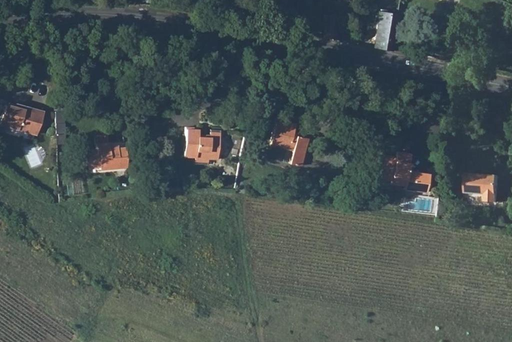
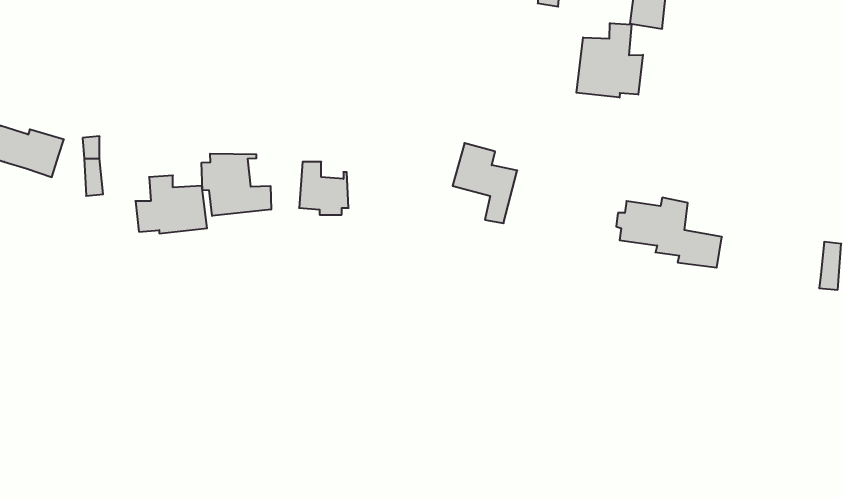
building: none -> [576,23,643,98]
building: none -> [202,154,271,216]
building: [468,174,491,195] -> none

